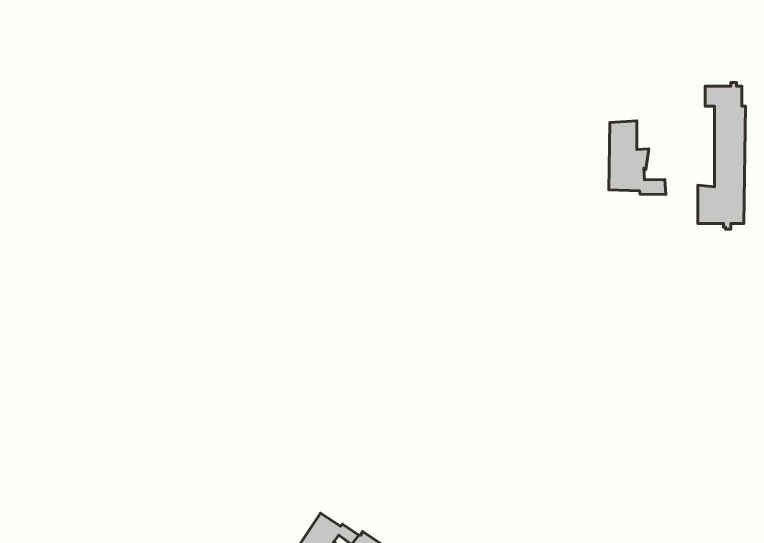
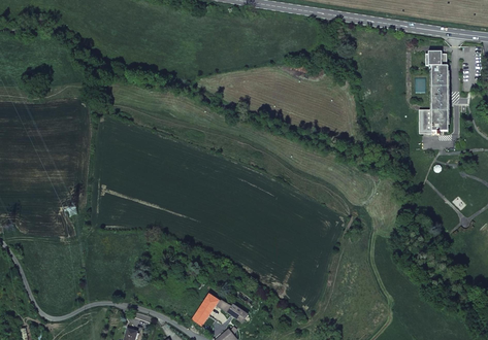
building: [609,121,666,194] -> none

